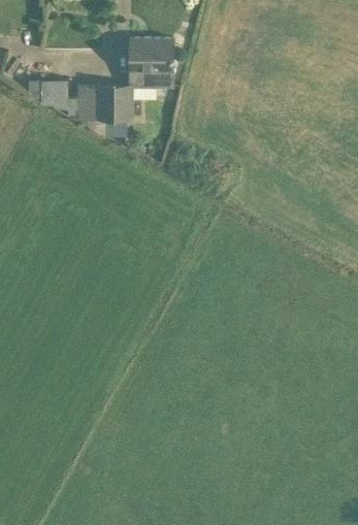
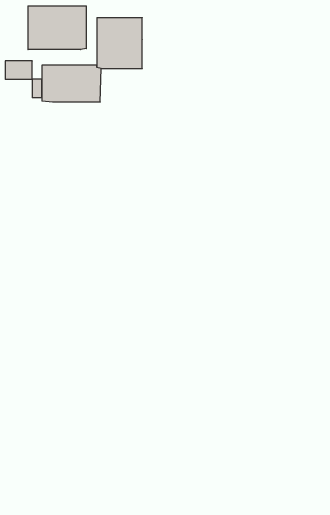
building: none -> [28,6,86,50]

